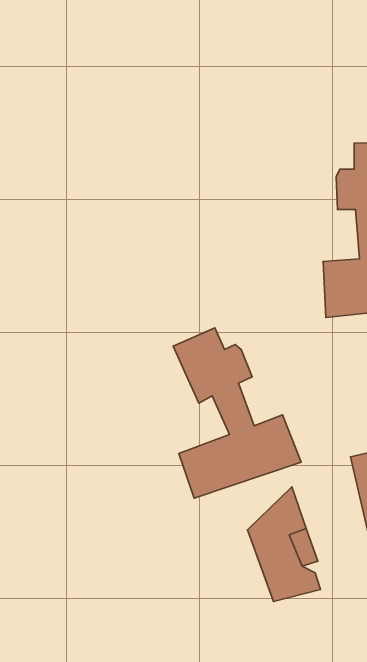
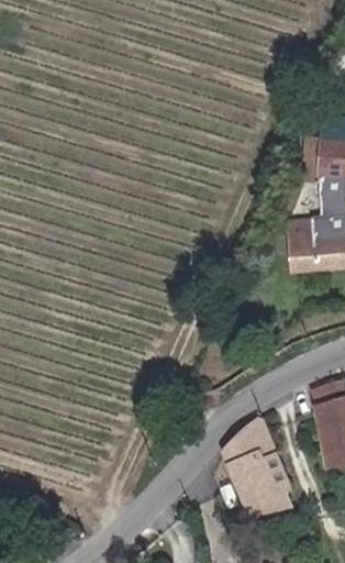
building: [173,328,301,498] -> none

